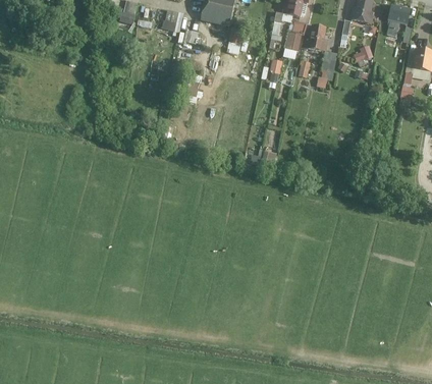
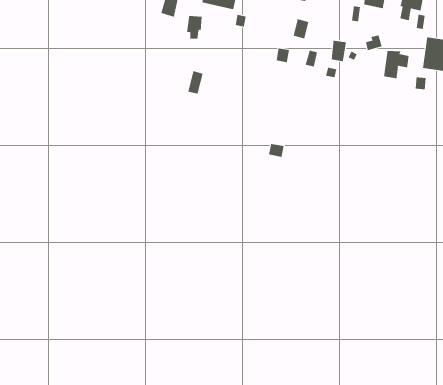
building: [305,25,327,51] -> none
building: none -> [384,50,409,79]

